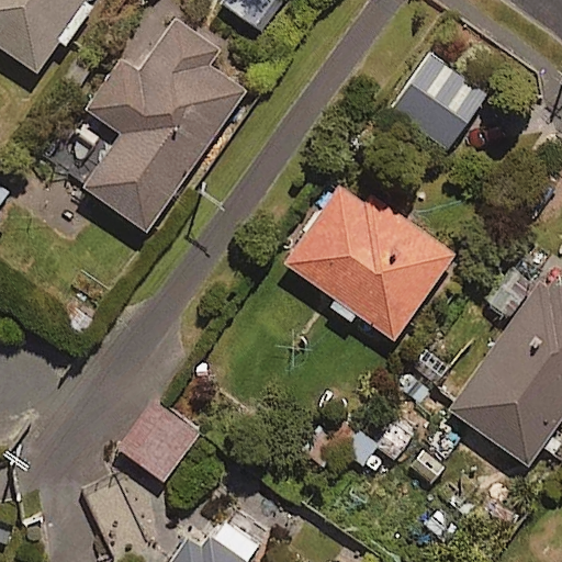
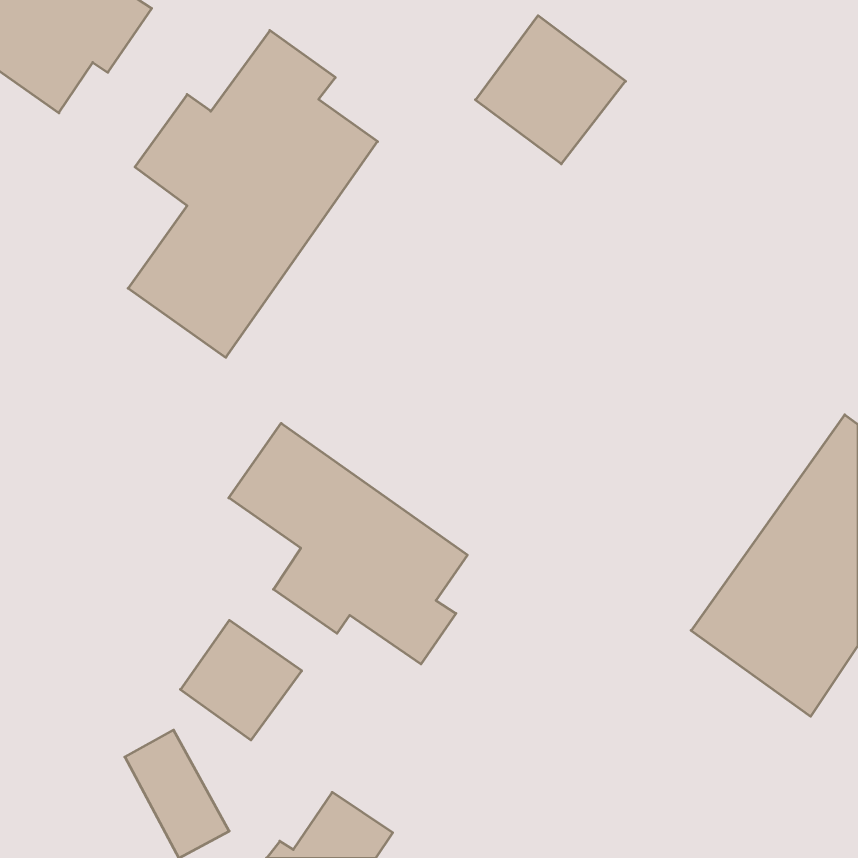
building: [390,53,487,149] -> [475,16,626,164]
building: [285,178,456,341] -> none
building: none -> [229,423,467,664]

